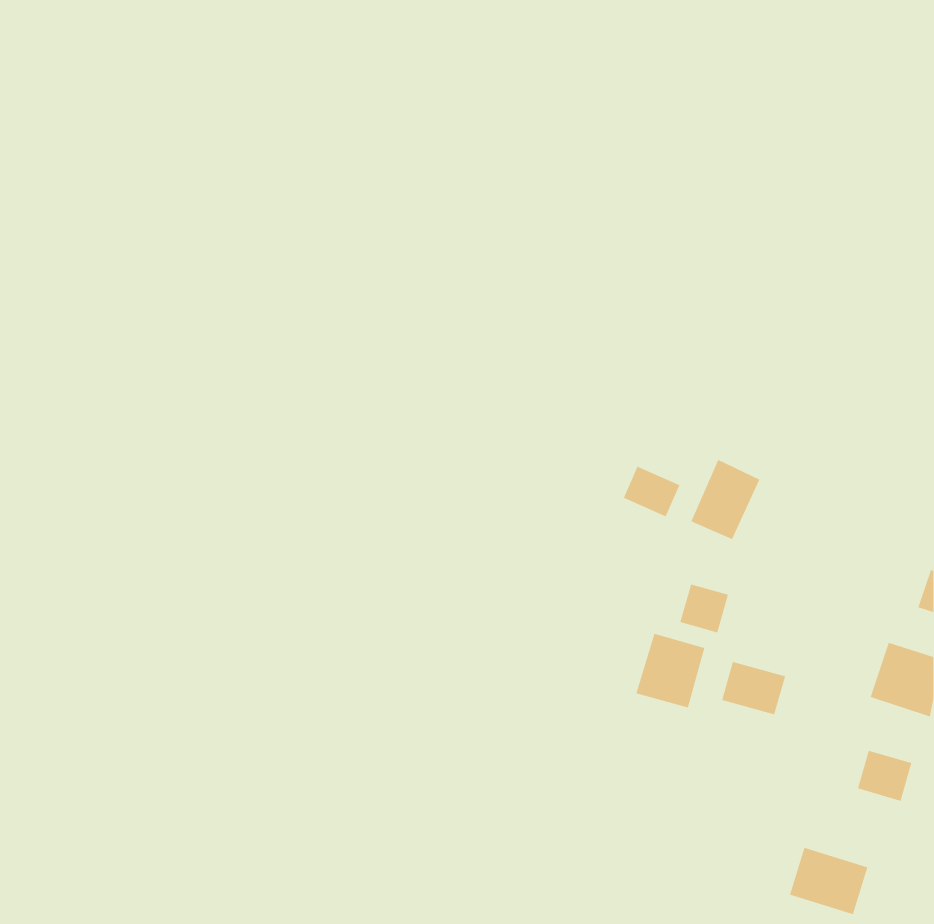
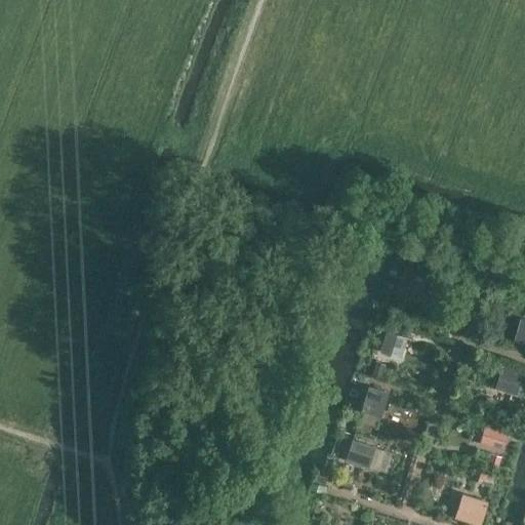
building: [623,466,680,517] -> none
building: [721,661,786,715] -> none
building: none -> [345,441,377,473]

